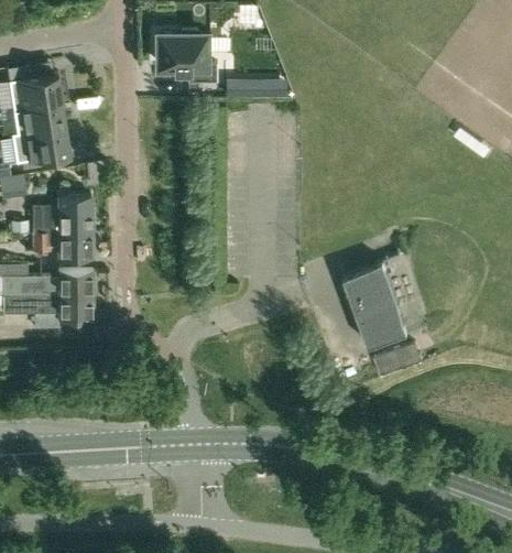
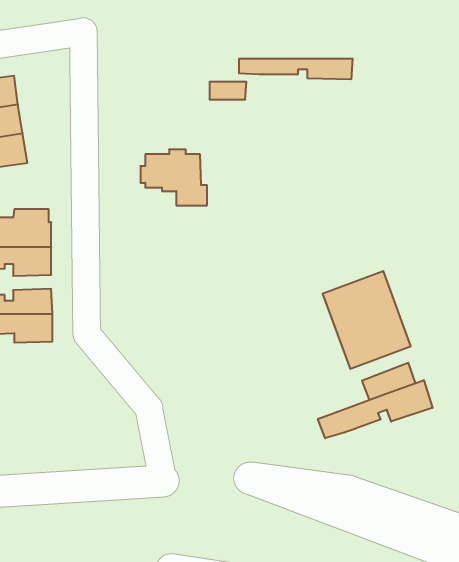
building: [154,31,216,83] -> [140,149,207,205]
building: none -> [239,59,353,79]
building: none -> [318,380,433,438]

